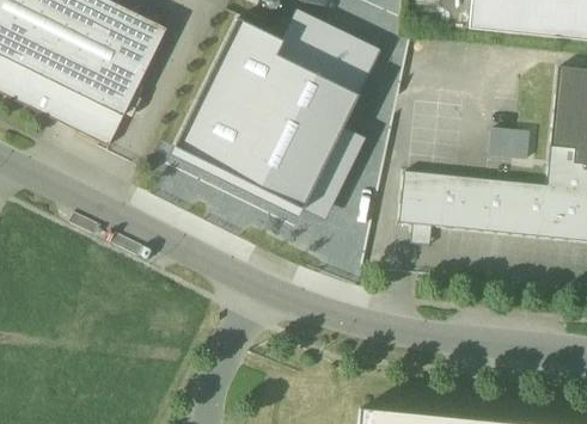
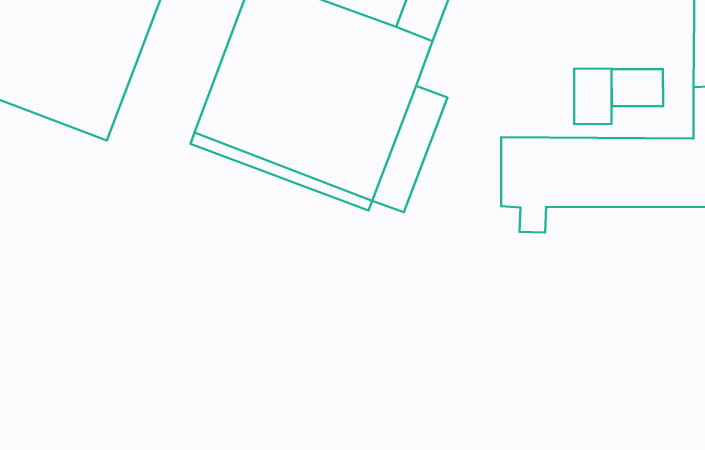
building: none -> [574,69,612,124]

